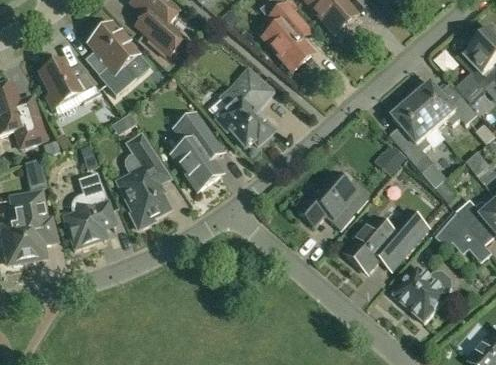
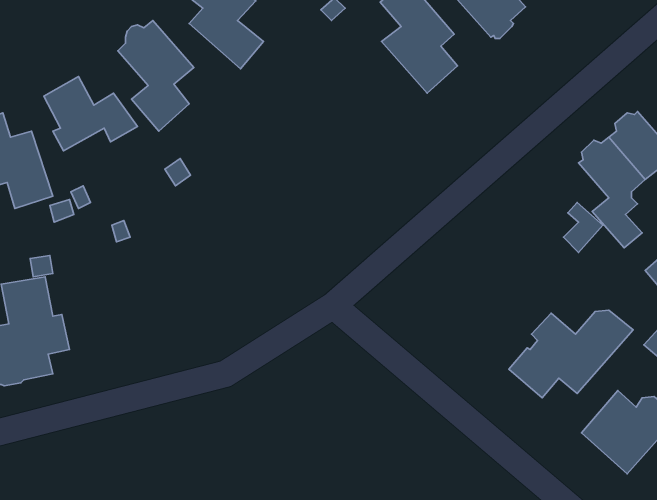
building: [209,68,274,146] -> none
building: [173,112,223,190] -> none
building: [119,133,171,225] -> none
building: [64,172,116,248] -> none
building: [300,172,371,229] -> none

